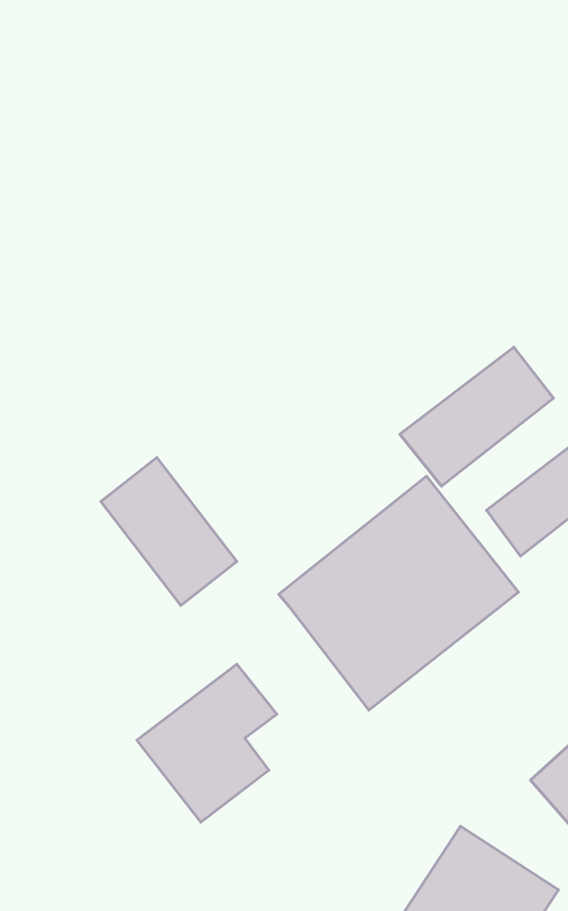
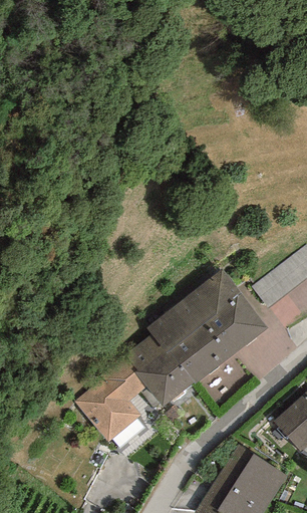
building: [400,347,553,486] -> none
building: [101,458,237,606] -> [123,334,192,409]

